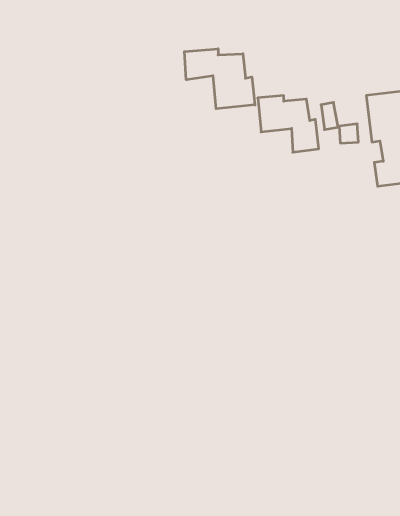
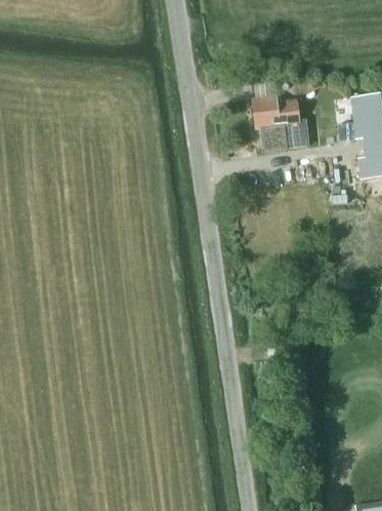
building: [184,49,255,109] -> none

